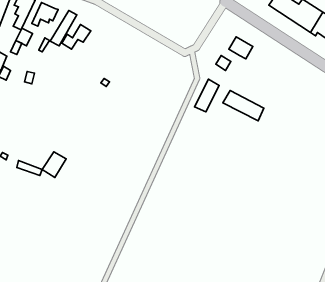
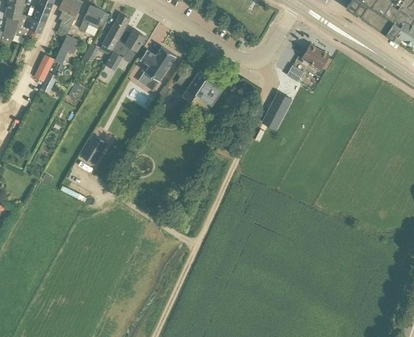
building: none -> [140,45,177,80]
building: none -> [184,70,222,113]
building: [223,90,264,121] -> none
building: [42,152,66,177] -> [81,134,108,163]

